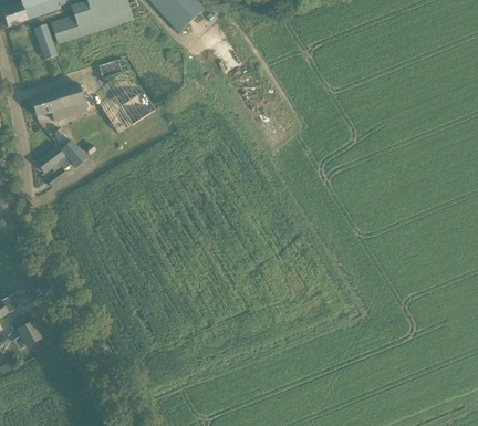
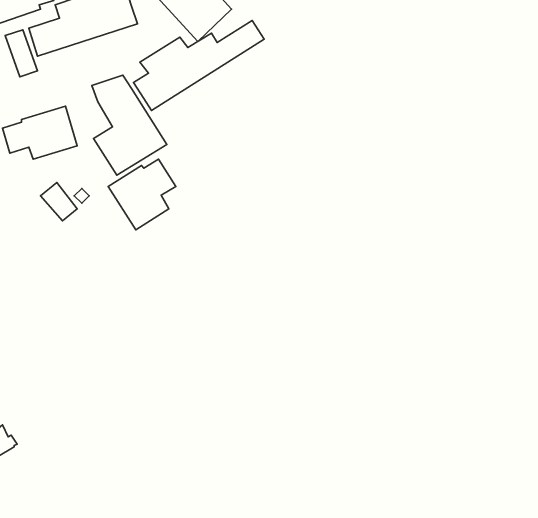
building: none -> [134,20,264,111]
building: none -> [108,159,176,230]
building: [37,147,71,186] -> none

